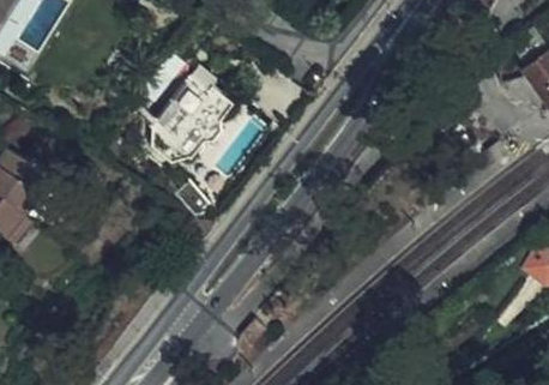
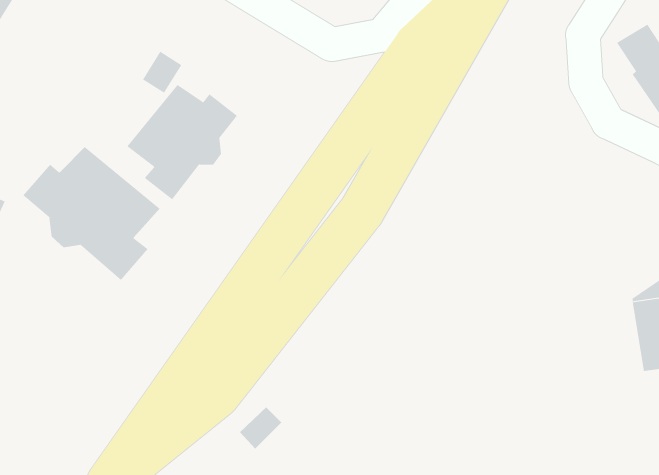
building: none -> [23,146,160,281]

